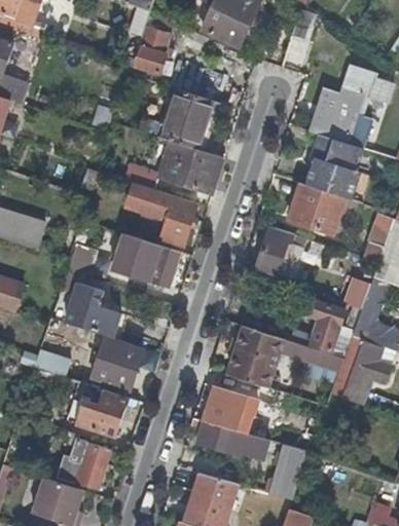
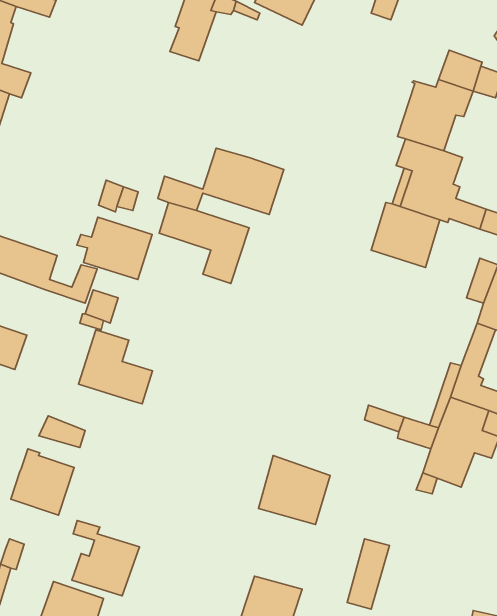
building: [162,89,213,149] -> none
building: [258,227,301,274] -> none
building: [120,238,179,287] -> [77,217,152,280]
building: [309,305,343,351] -> none
building: [231,323,282,383] -> none
building: [96,338,143,390] -> none
building: [78,385,128,437] -> [11,449,74,515]
building: [190,419,269,454] -> none

